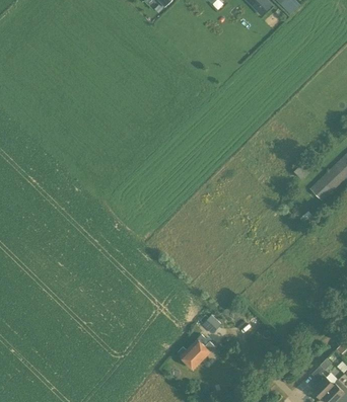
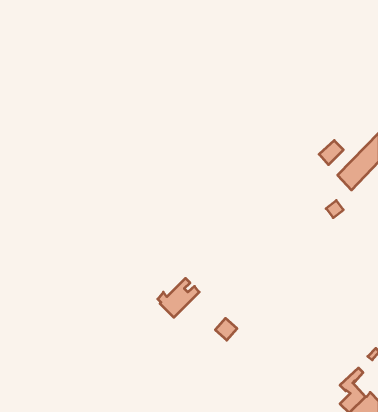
building: [179,335,215,370] -> [158,278,199,317]

